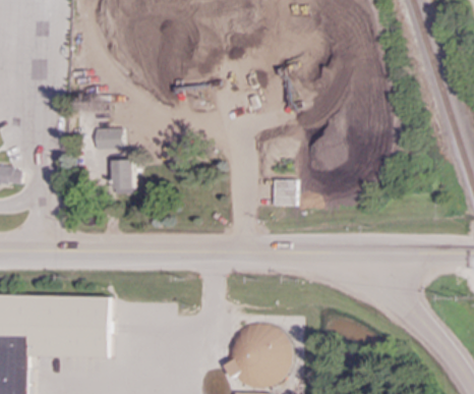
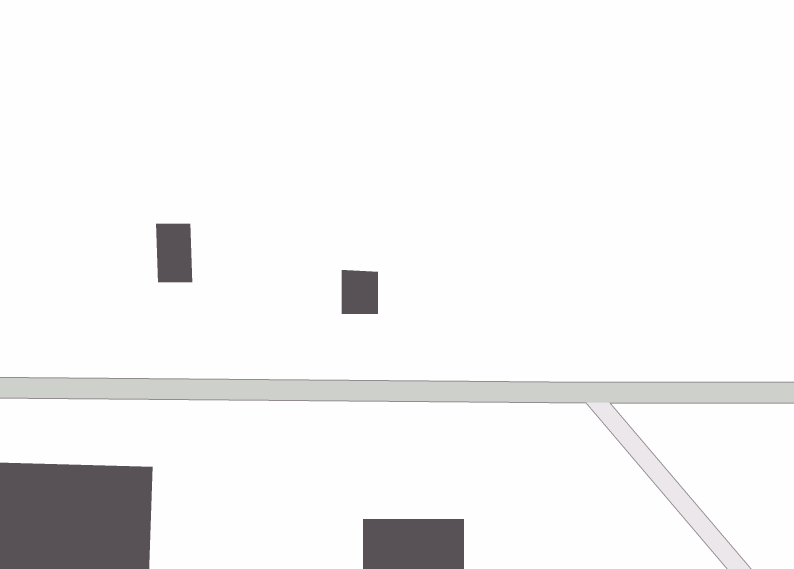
building: [93,128,120,150] -> none
building: [273,179,294,205] -> [341,270,379,315]

